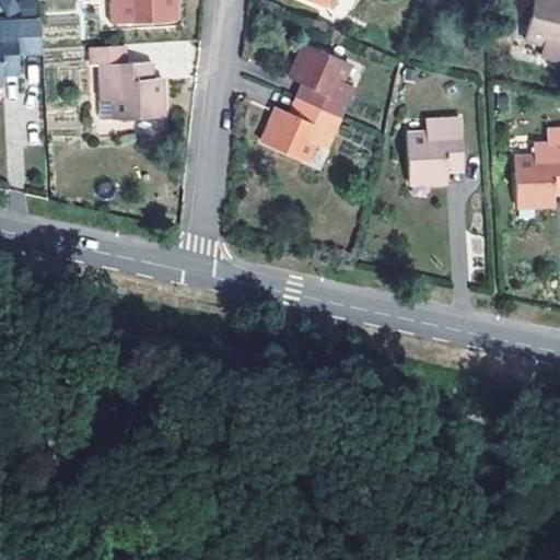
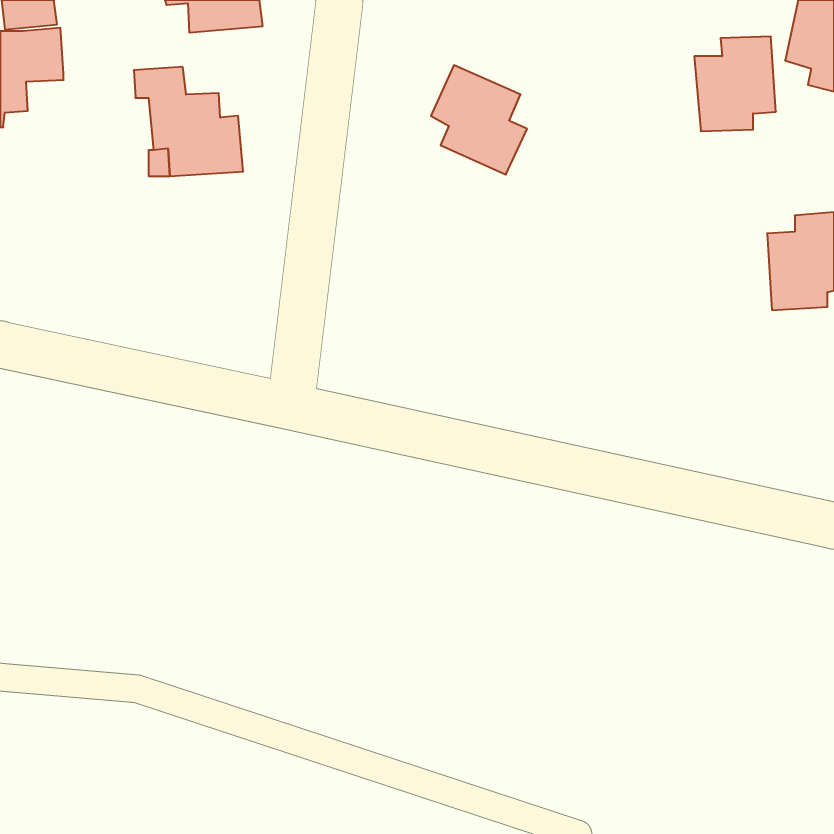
building: [261,97,339,160] -> none
building: [407,120,462,184] -> [694,37,776,131]

